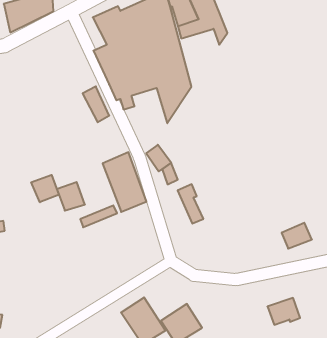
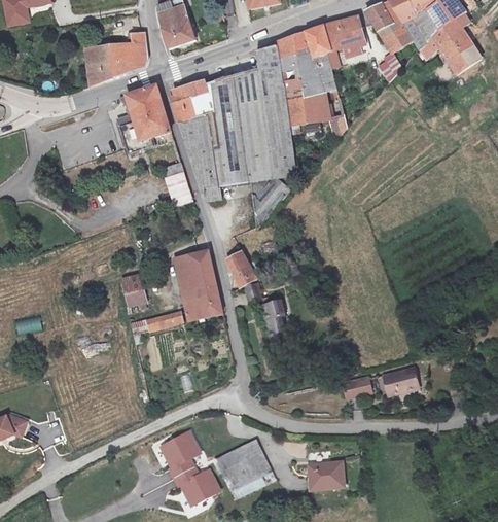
building: none -> [175,79,199,120]
building: none -> [120,82,176,151]
building: [31,175,59,202] -> none
building: none -> [341,373,371,395]
building: [267,298,300,325] -> [310,464,348,494]

